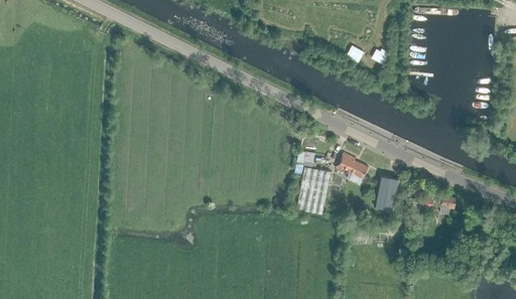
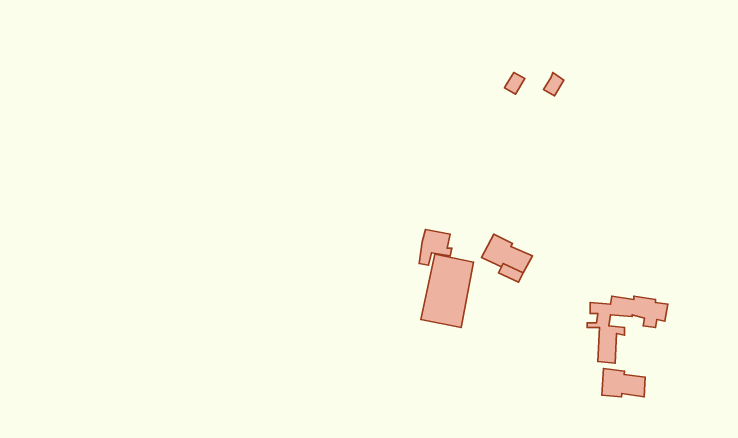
building: [374,175,401,210] -> none
building: none -> [602,369,645,397]

